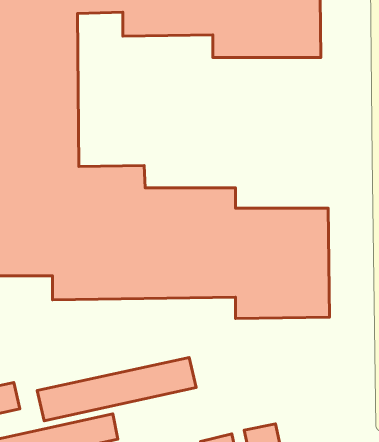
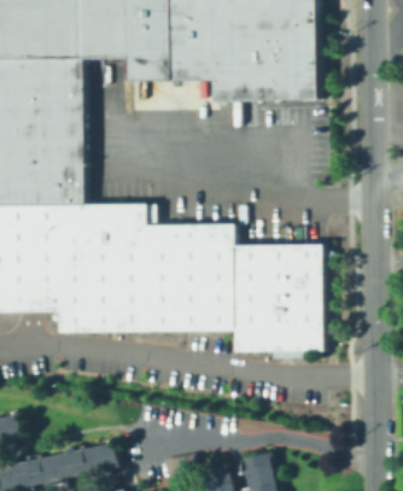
building: [37,357,196,421] -> none

